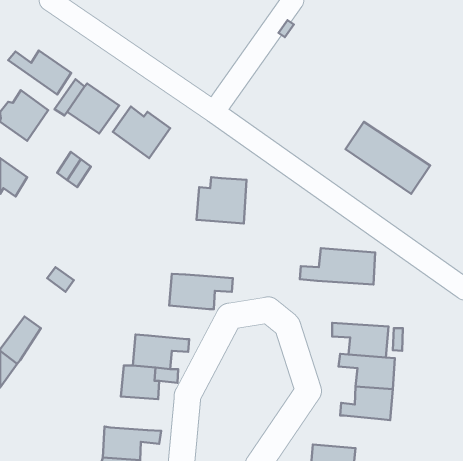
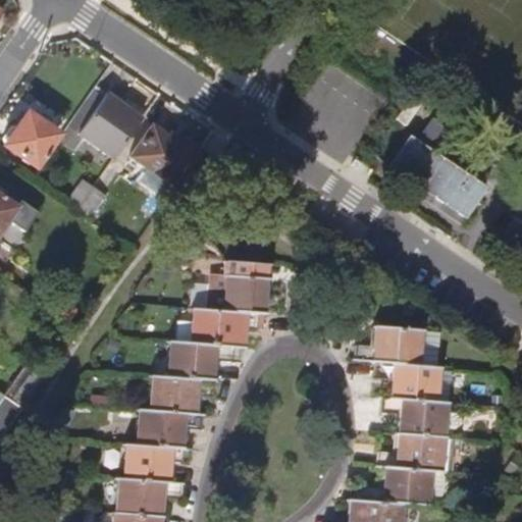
building: [8,50,71,94] -> none
building: [197,177,247,224] -> [210,264,266,316]
building: [300,248,375,284] -> [355,329,439,370]
building: none -> [168,346,237,384]
building: none -> [125,448,191,486]
building: none -> [353,470,429,509]

